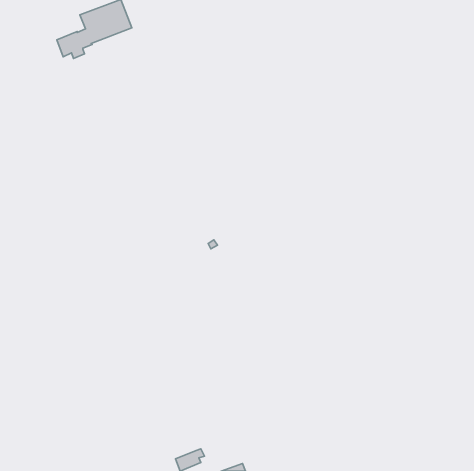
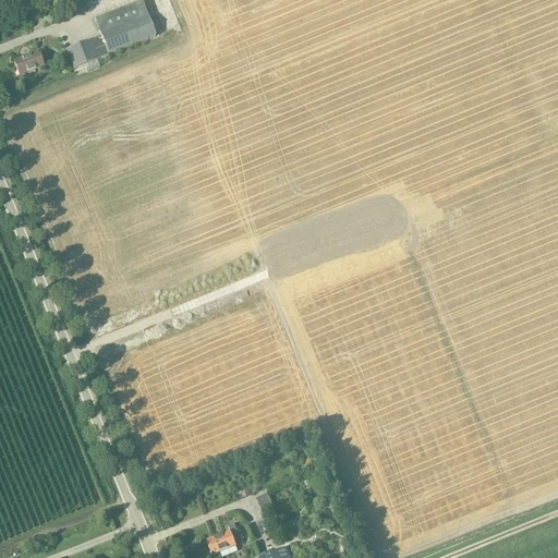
building: none -> [14,45,48,73]

